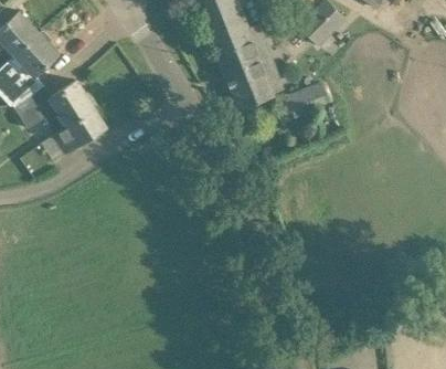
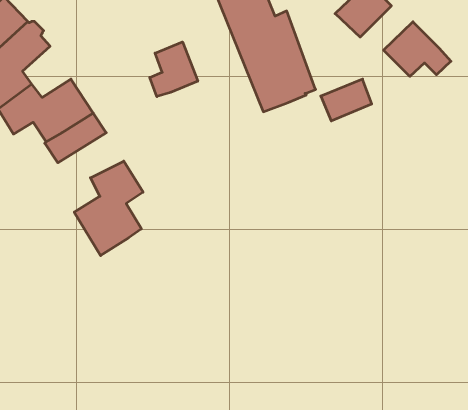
building: none -> [384,22,451,76]
building: none -> [150,42,198,97]
building: none -> [74,161,143,256]

